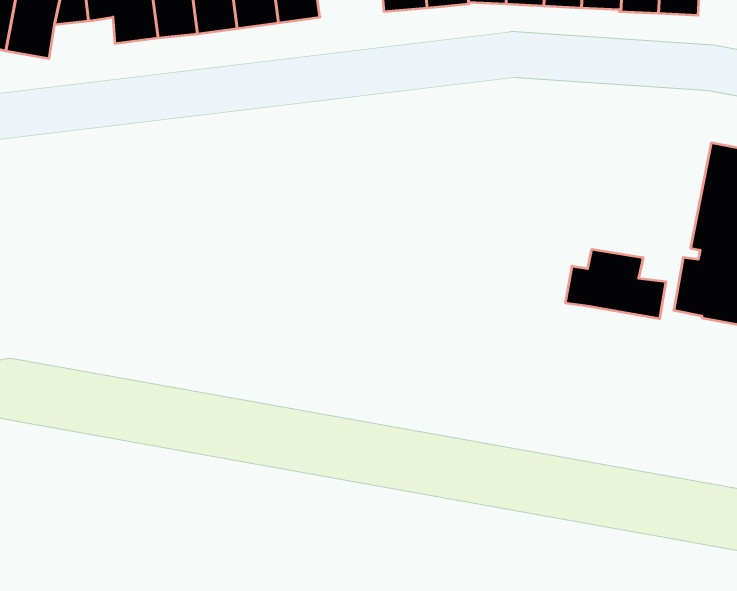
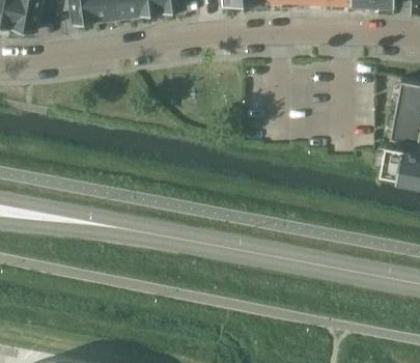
building: [566,249,666,319] -> none

